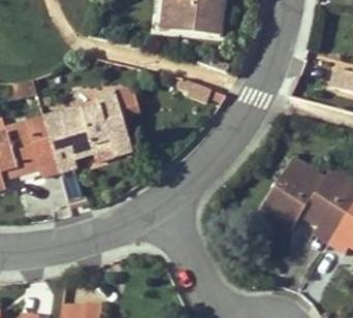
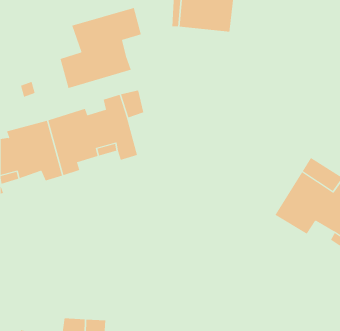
building: none -> [60,7,142,89]

